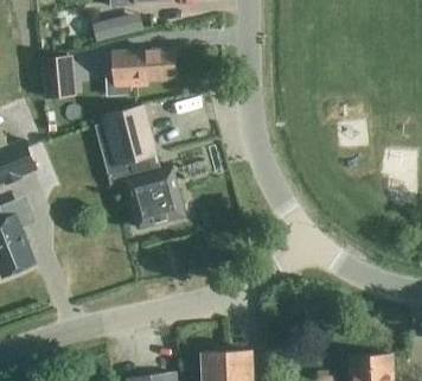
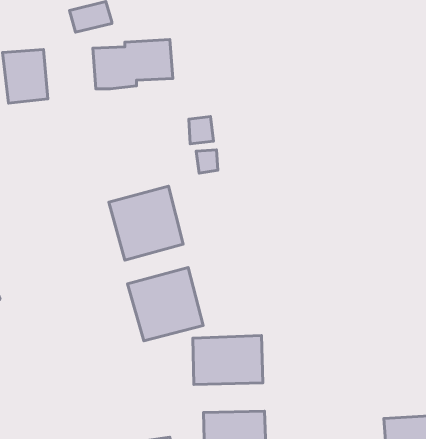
building: [100,106,154,166] -> none
building: none -> [127,268,203,341]
building: none -> [193,336,263,384]

